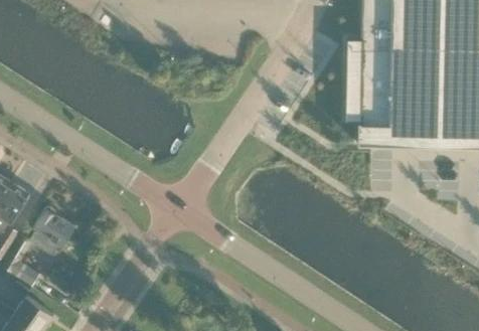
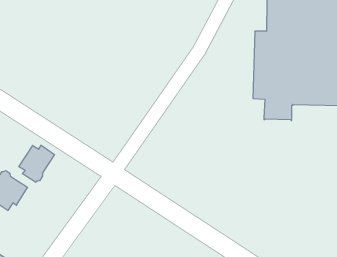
building: none -> [19,145,54,182]

